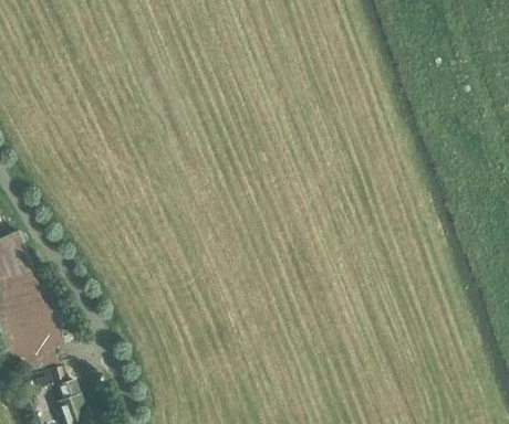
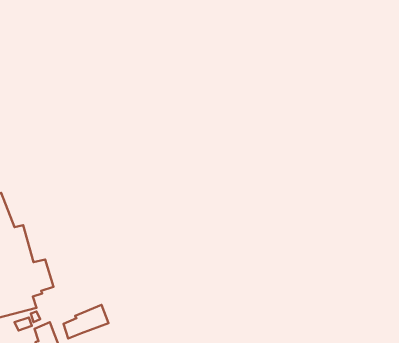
building: none -> [64,305,109,338]

